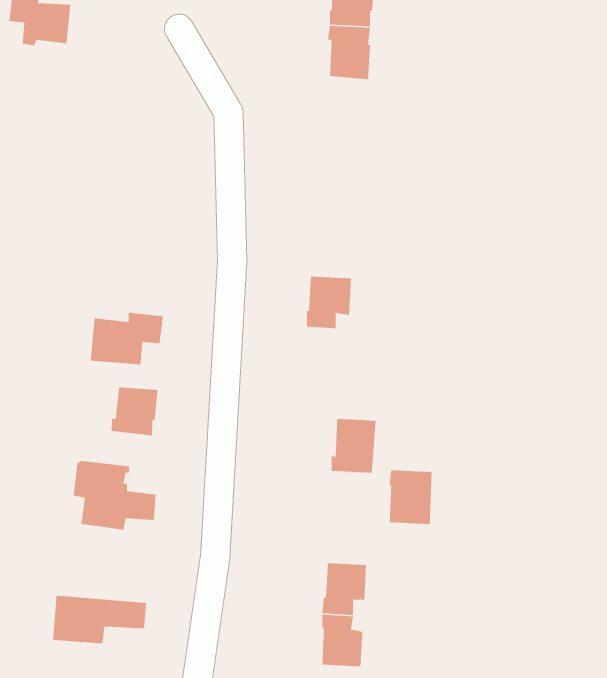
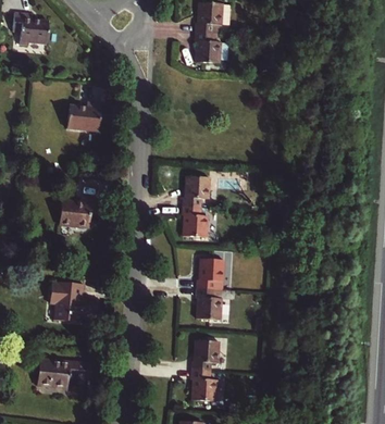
building: none -> [66,102,100,132]
building: none -> [182,205,207,236]
building: [111,387,159,436] -> none
building: [389,470,432,525] -> [196,288,221,320]

